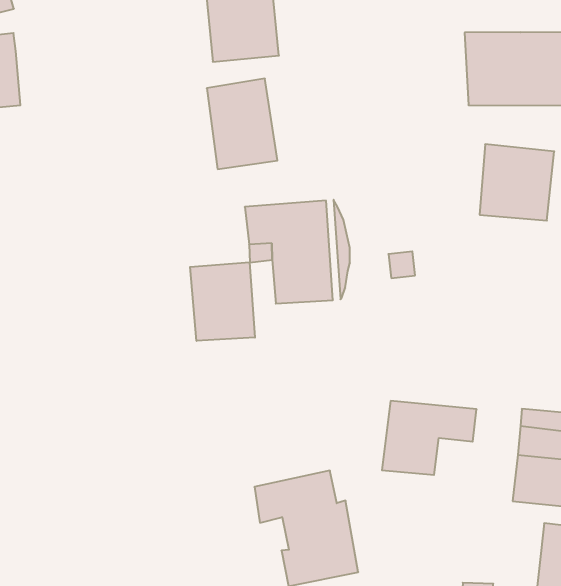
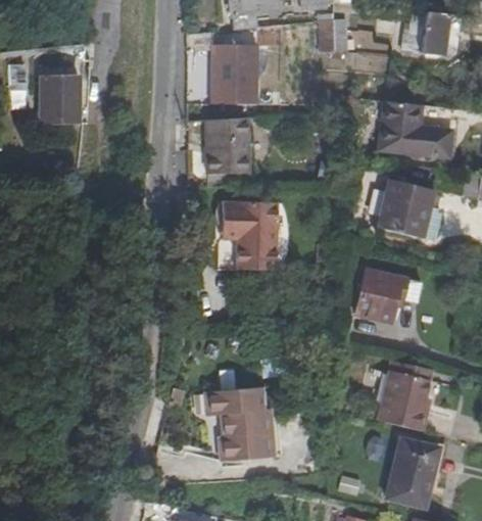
building: [190,262,255,341] -> none
building: [382,401,477,475] -> [353,270,422,323]

